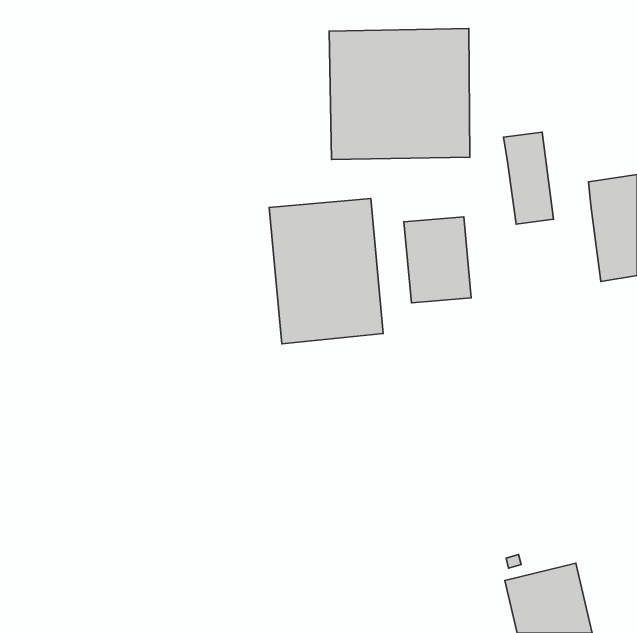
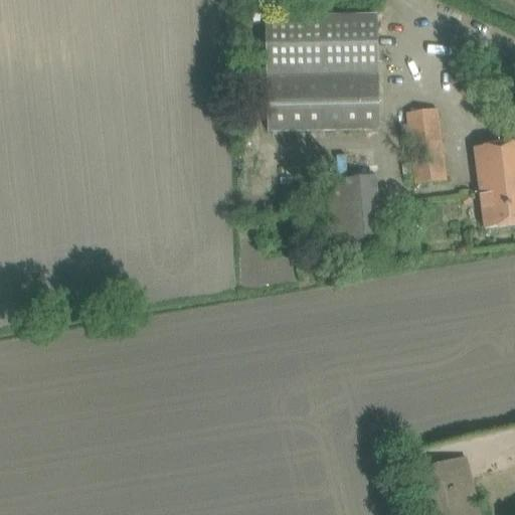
building: [269,198,383,344] -> none

